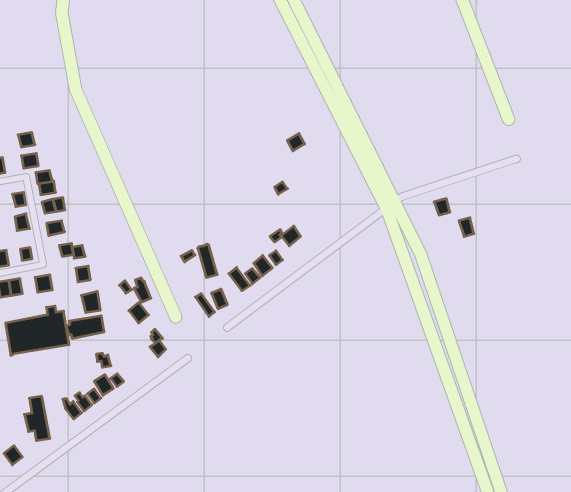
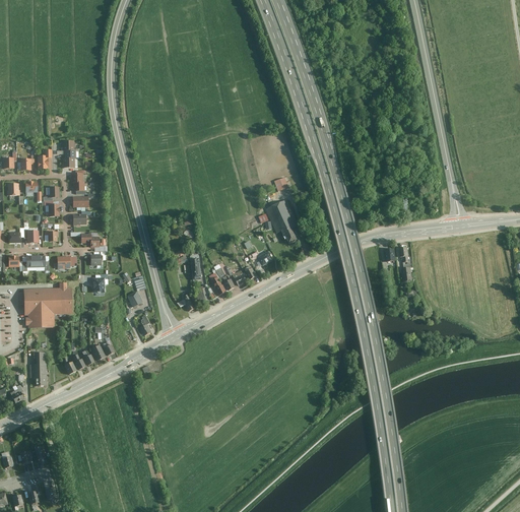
building: none -> [266,198,298,245]
building: [66,316,104,338] -> [26,314,56,328]

